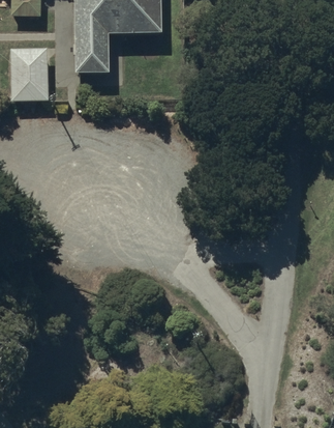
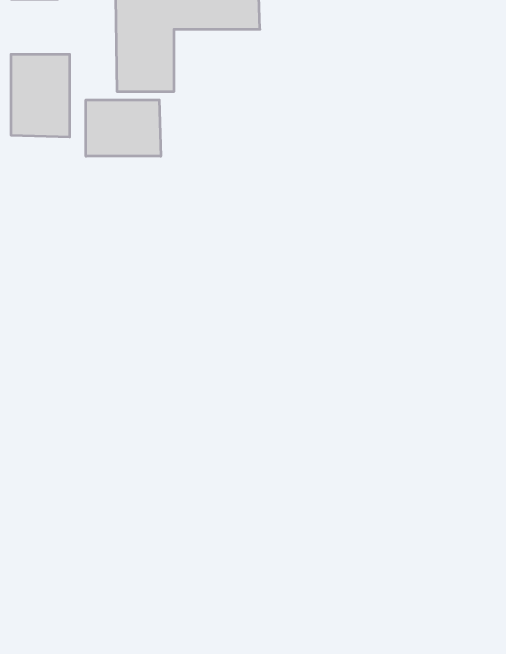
building: none -> [86,100,161,156]

